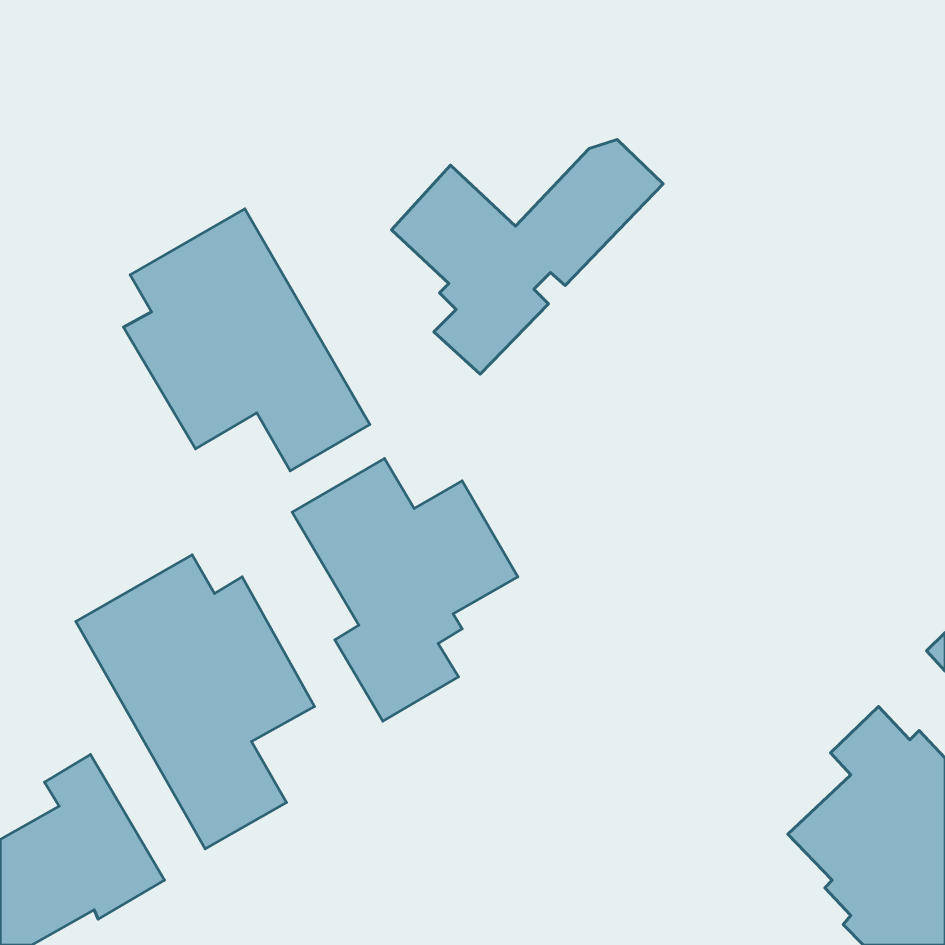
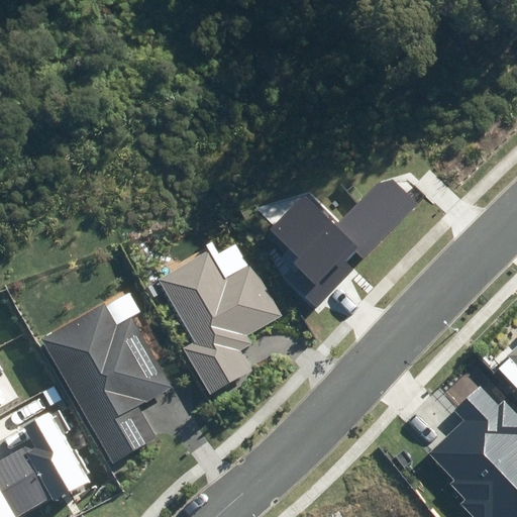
building: [391,139,663,374] -> [269,179,417,307]
building: [124,209,370,471] -> none

